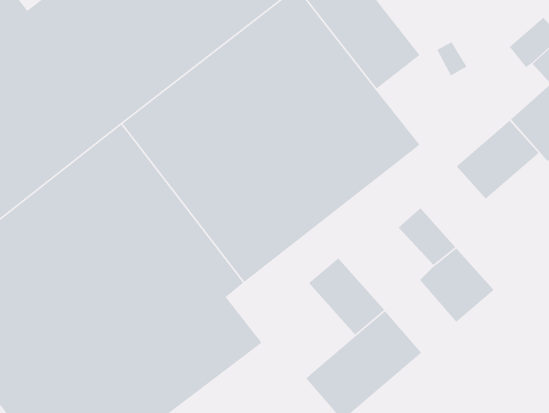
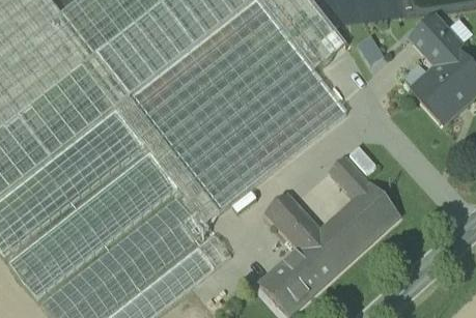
building: [456,120,540,199] -> none
building: none -> [320,209,372,262]

